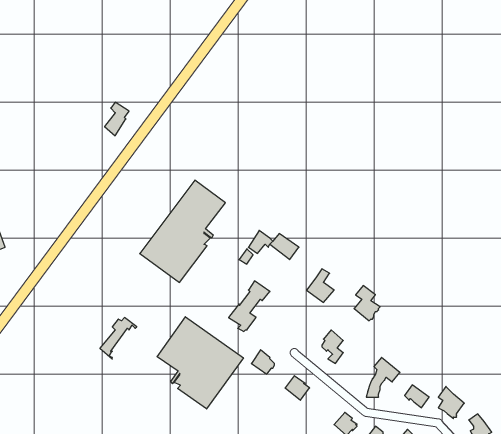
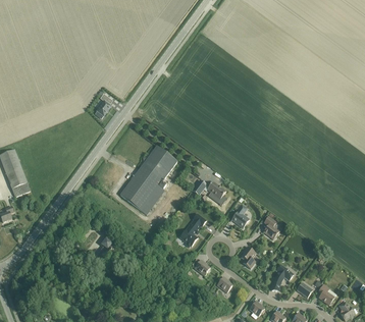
building: [157,317,243,409] -> none

